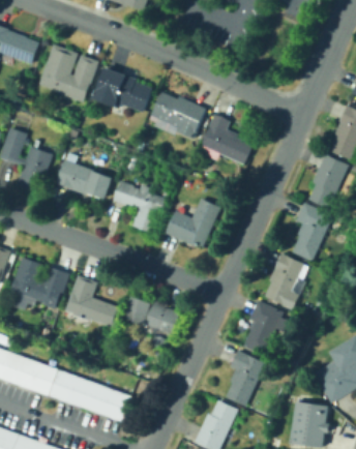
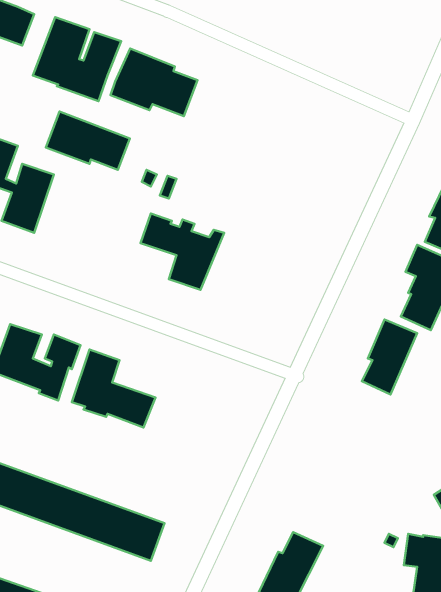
building: [150,91,206,140] -> none
building: [197,114,253,164] -> none
building: [55,159,113,200] -> [46,112,130,170]
building: [164,198,220,246] -> none
building: [123,297,180,348] -> none
building: [243,301,284,355] -> none
building: [226,350,266,406] -> none

